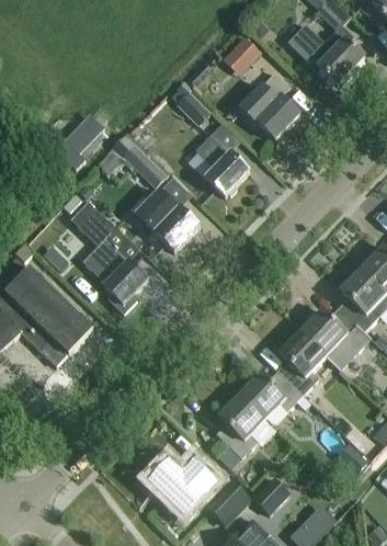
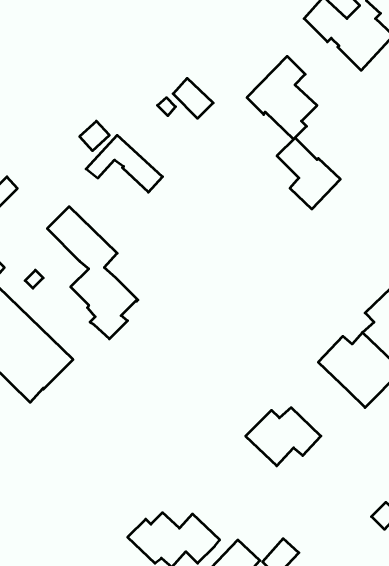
building: [223,34,262,75] -> none
building: [45,112,105,168] -> none
building: [195,135,249,195] -> [277,138,340,209]
building: [136,190,200,251] -> none
building: [277,331,326,394] -> none
building: [216,394,265,457] -> none

